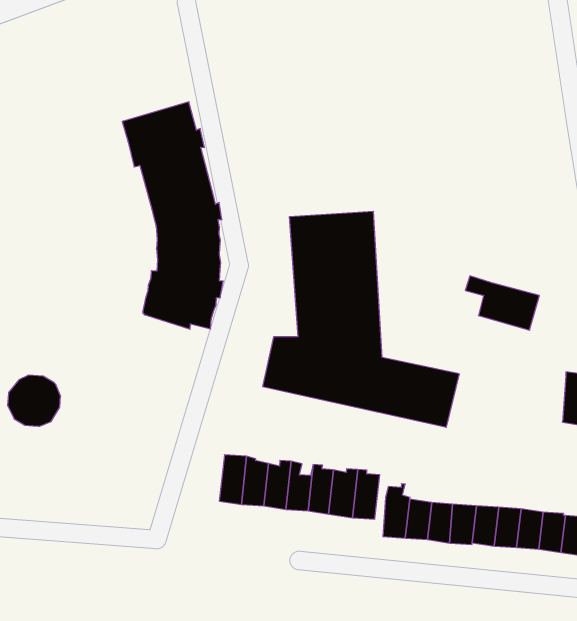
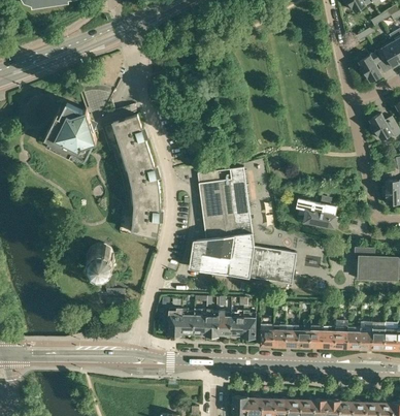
building: none -> [43,100,97,161]
building: [8,375,61,426] -> [87,244,115,271]

